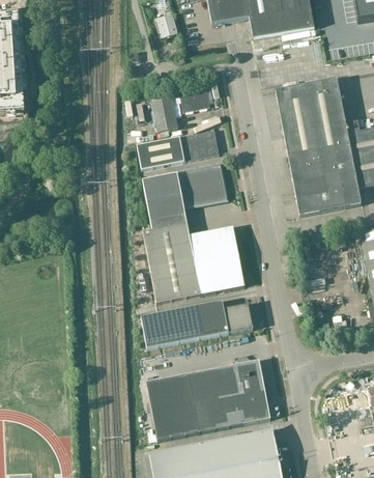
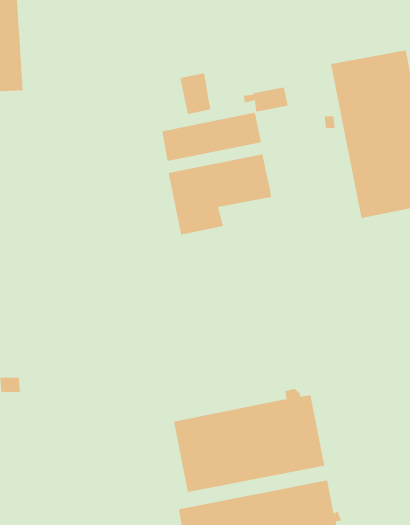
building: [172,89,209,110] -> [243,87,288,112]
building: [143,222,244,302] -> none
building: [141,299,253,347] -> none

